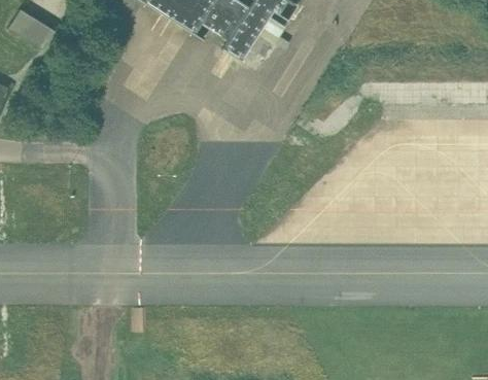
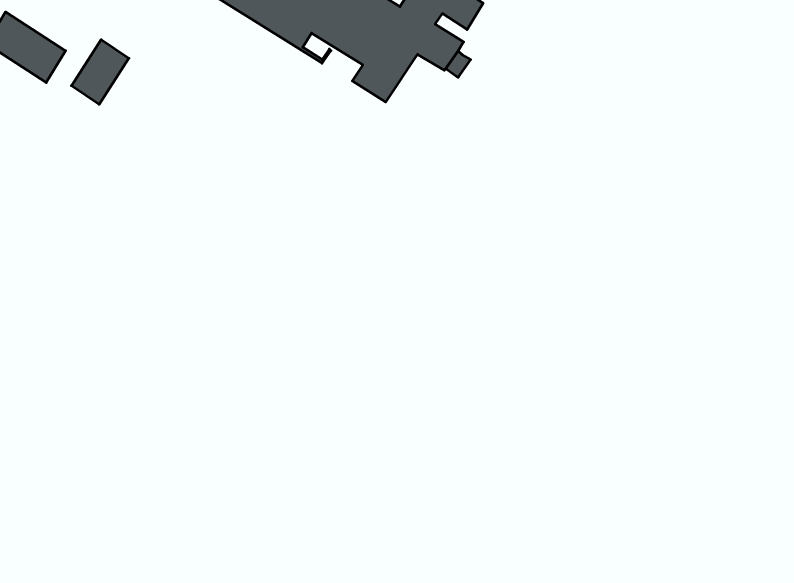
building: none -> [71,40,129,104]

